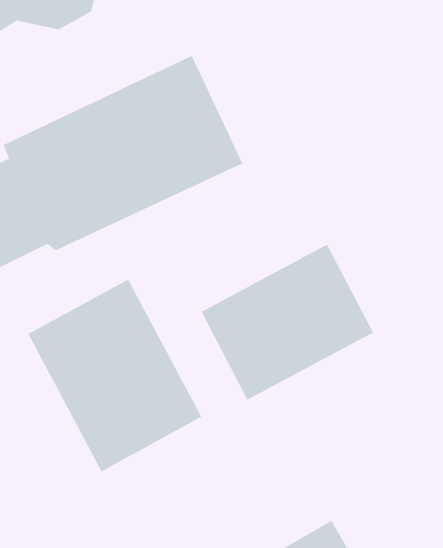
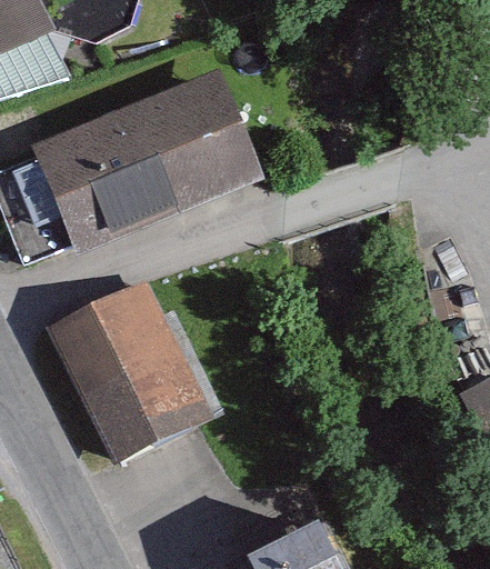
building: [201,244,374,401] -> none

